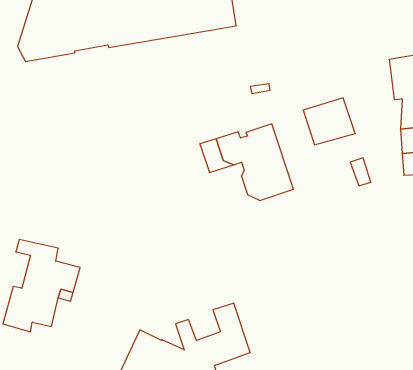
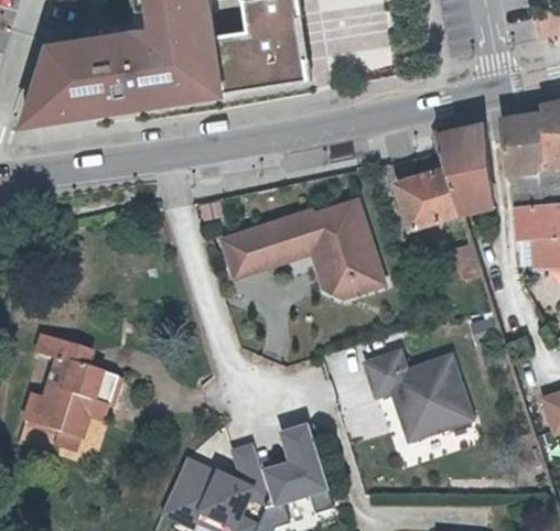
building: none -> [433,121,494,212]
building: none -> [222,225,276,277]
building: none -> [365,353,470,438]

